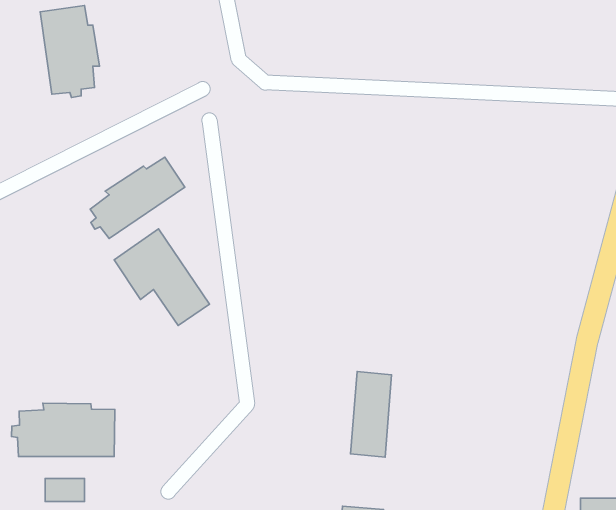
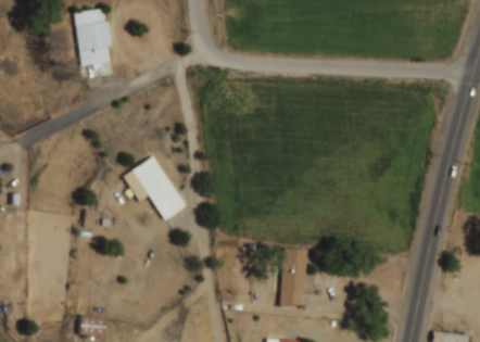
building: [90,157,185,238] -> none
building: [12,403,115,457] -> none

